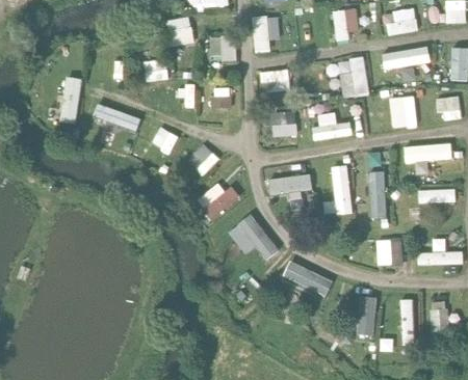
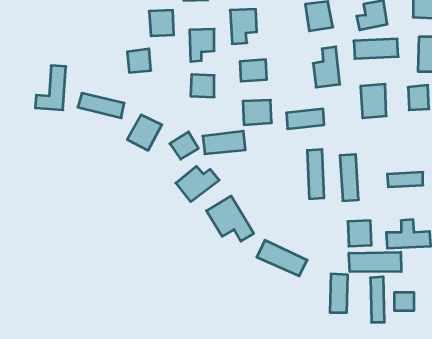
building: [404,143,451,163] -> none
building: [267,172,312,196] -> [203,131,245,154]
building: none -> [349,252,401,272]

